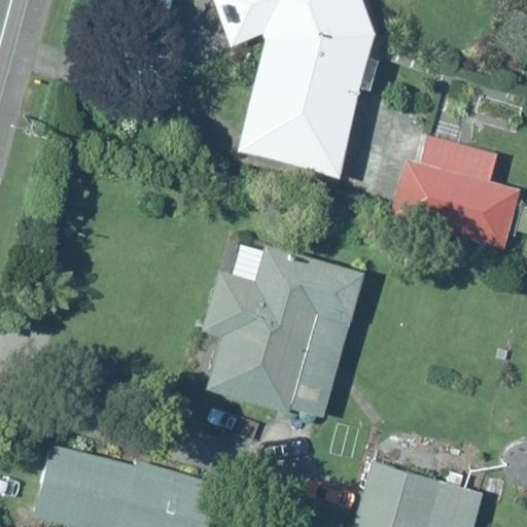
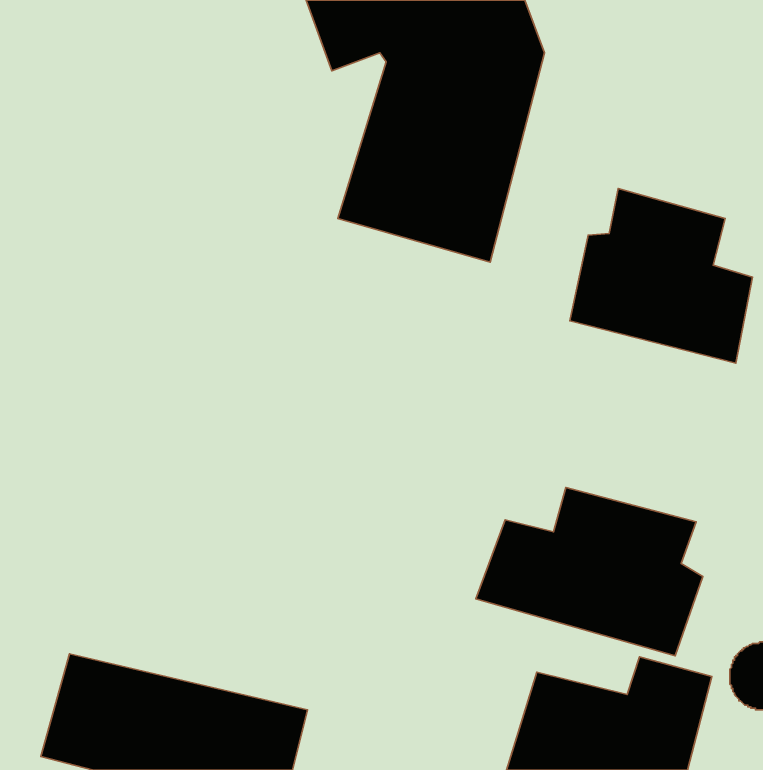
building: [201,244,362,415] -> none
building: none -> [476,487,703,656]

